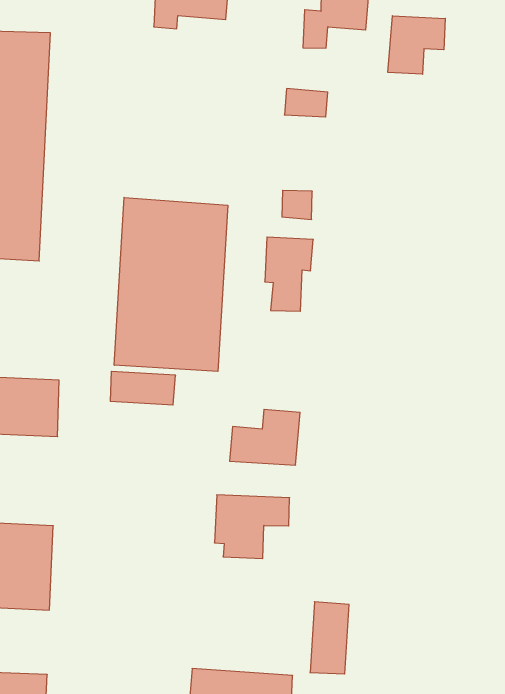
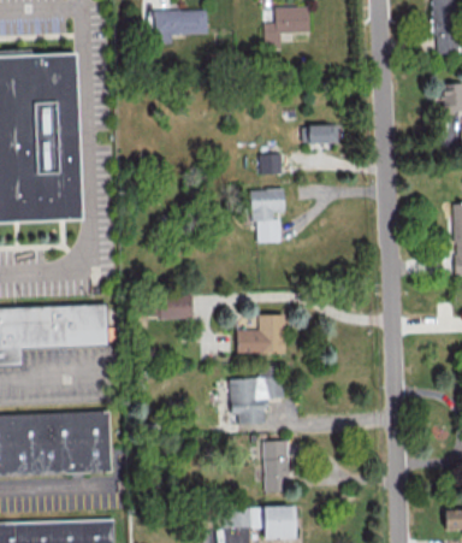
building: [388,16,445,74] -> none
building: [284,89,328,117] -> [306,123,336,142]
building: [114,197,228,371] -> none
building: [310,602,349,674] -> [261,439,288,491]

